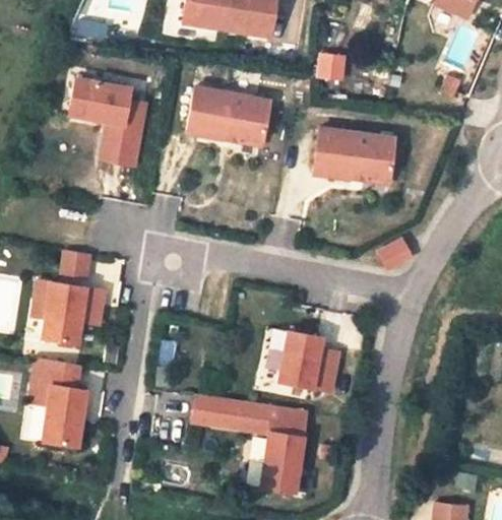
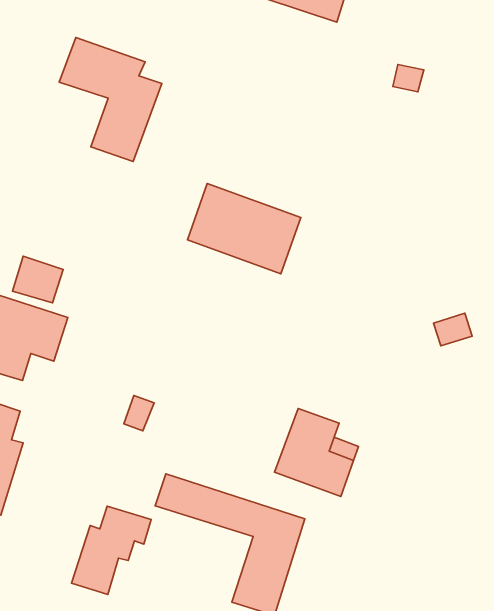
building: [187,87,269,146] -> [187,184,301,274]
building: [311,128,395,183] -> none
building: none -> [72,506,151,595]

